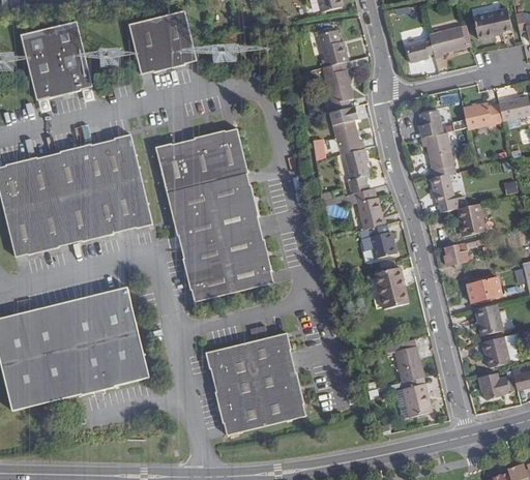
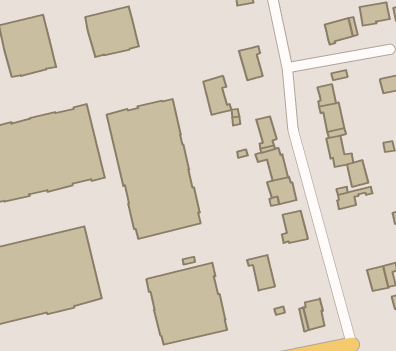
building: [318,30,346,66] -> none
building: [404,38,433,62] -> none
building: [462,102,502,130] -> none
building: [328,106,363,154] -> [203,76,231,115]
building: [466,277,502,302] -> none
building: [474,303,502,335] -> none
building: [387,338,422,383] -> [247,255,275,291]
building: [476,372,508,399] -> none

